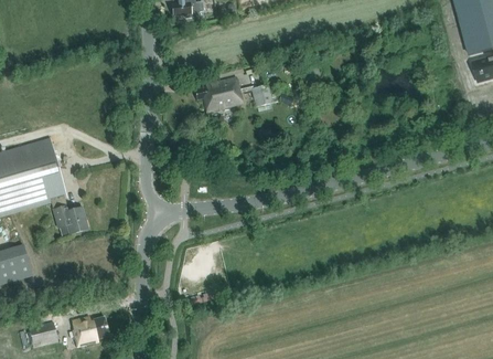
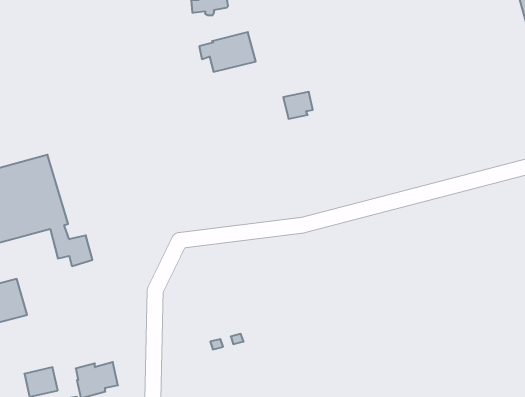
building: [194,76,243,110] -> [199,32,256,72]

